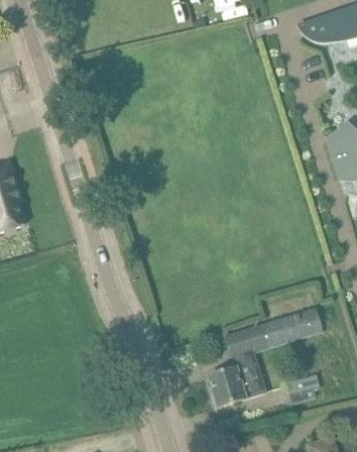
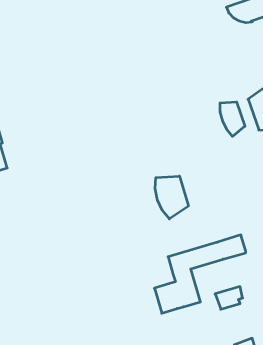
building: none -> [220,102,245,136]
building: none -> [155,176,188,219]

